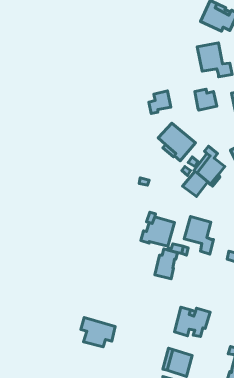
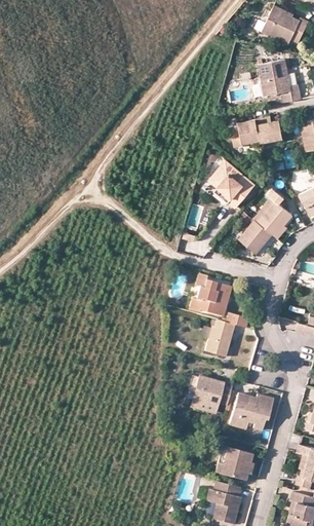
building: [149,91,171,114] -> [231,120,259,149]
building: [184,216,214,254] -> none
building: [81,317,115,347] -> [188,375,231,412]

